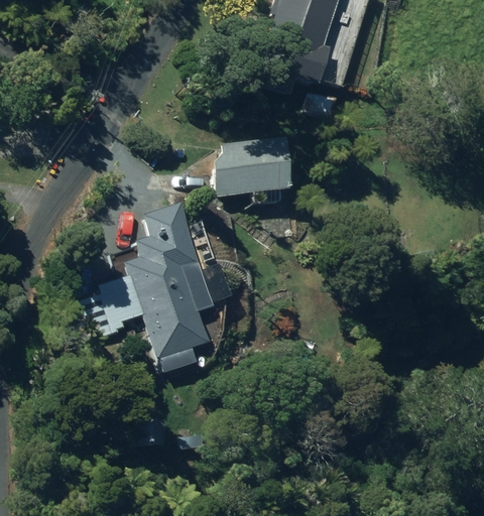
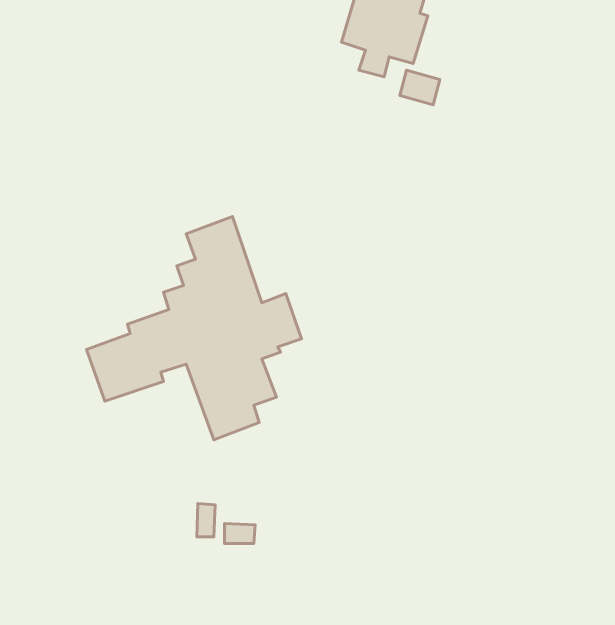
building: [206,141,276,203] -> none

